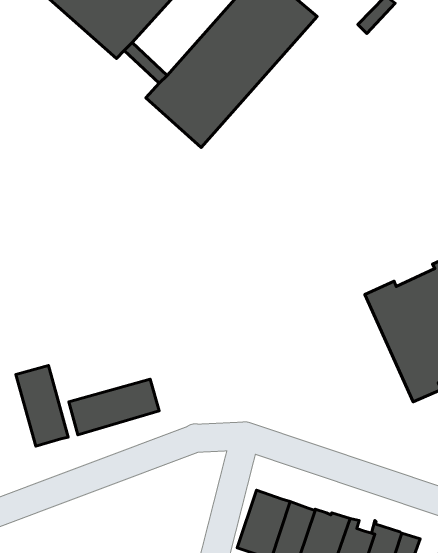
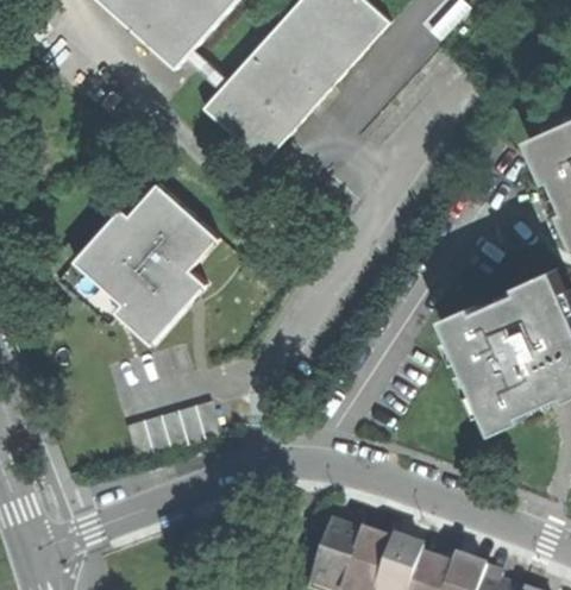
building: none -> [79,187,217,341]
building: [16,365,68,446] -> none

